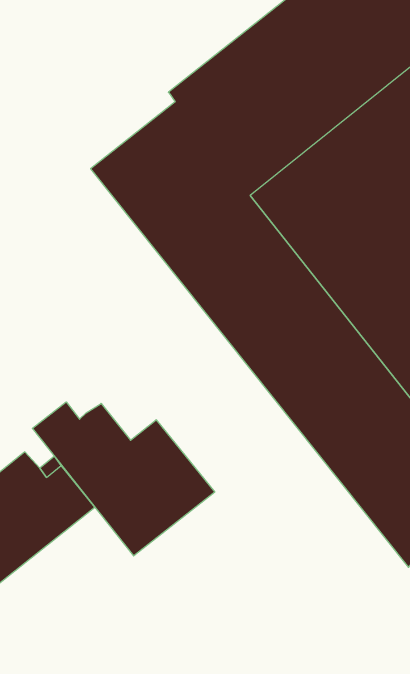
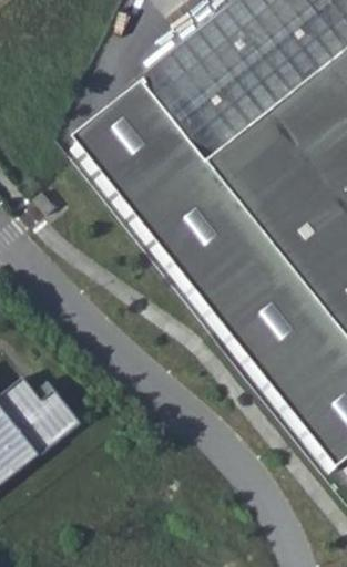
building: [32,402,215,556] -> none

